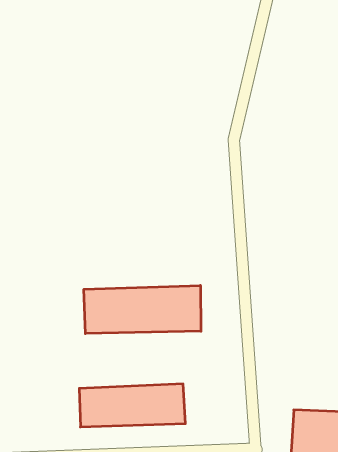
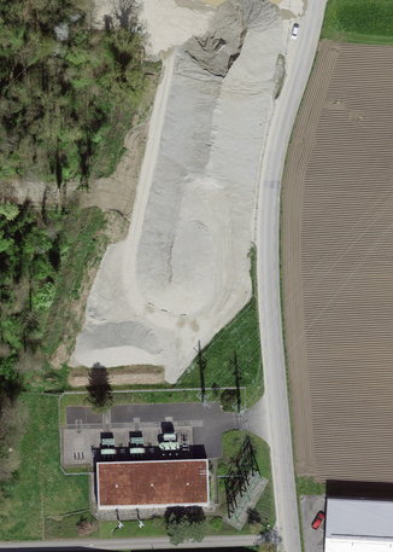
building: [84,285,201,334] -> none

